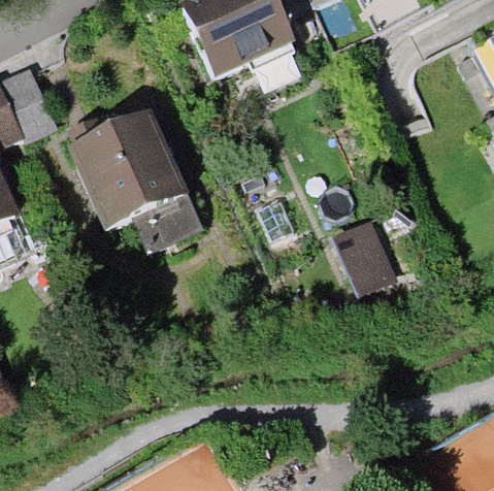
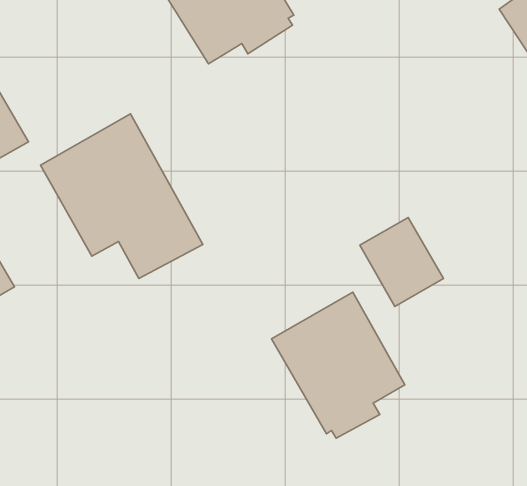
building: none -> [272,292,405,438]

